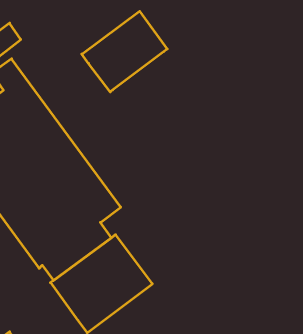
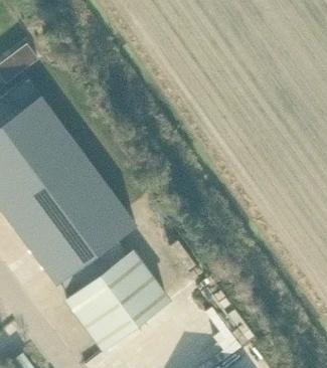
building: [82,11,167,92] -> none

